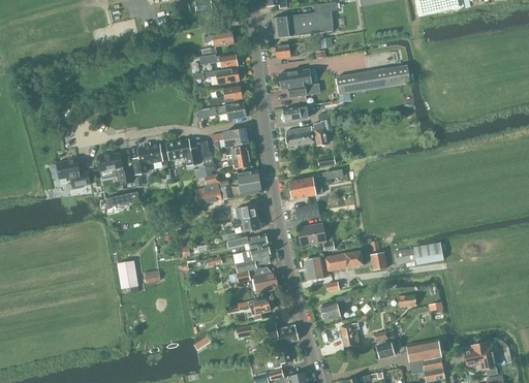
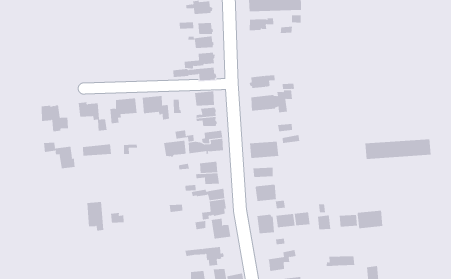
building: [336,65,410,94] -> [364,139,431,159]
building: [279,69,312,97] -> none
building: none -> [43,142,75,169]

